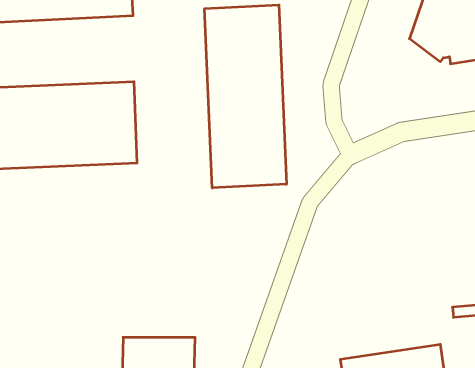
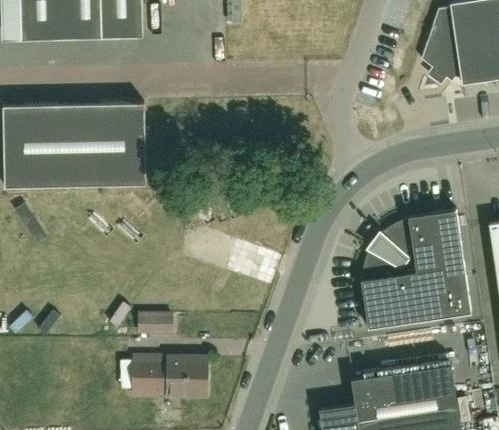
building: [205,5,286,188] -> none
building: none -> [360,209,471,328]
building: none -> [134,314,172,333]

